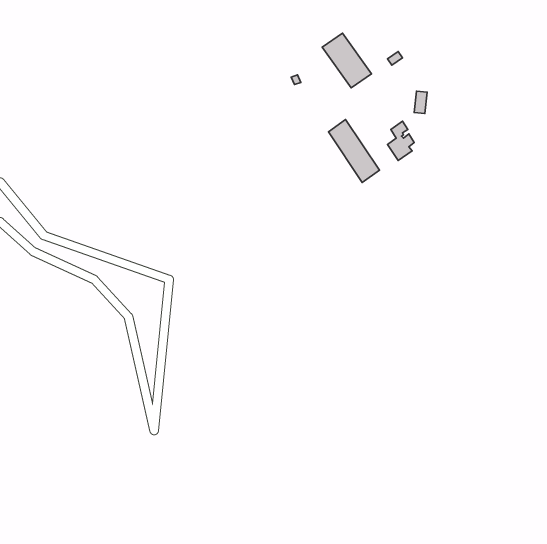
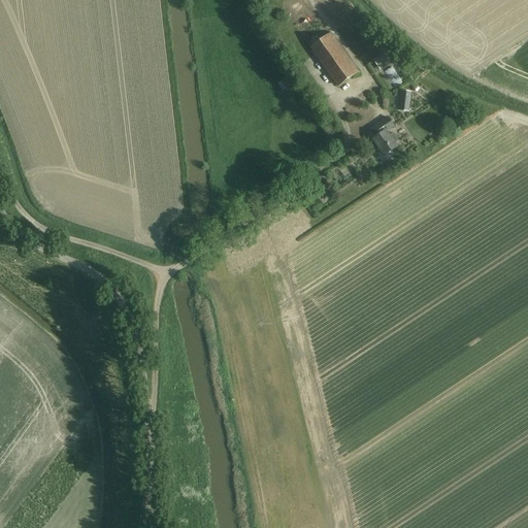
building: [328,120,380,183] -> none

